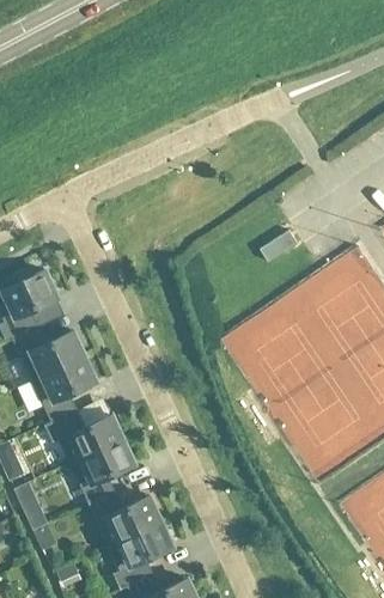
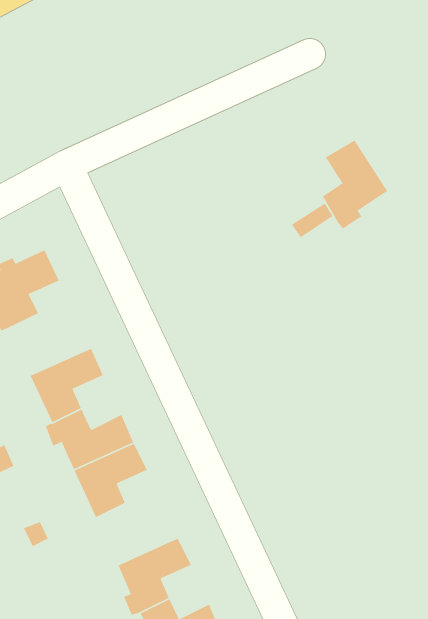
building: none -> [322,139,388,230]
building: [13,328,86,382] -> none
building: [90,493,161,547] -> none

